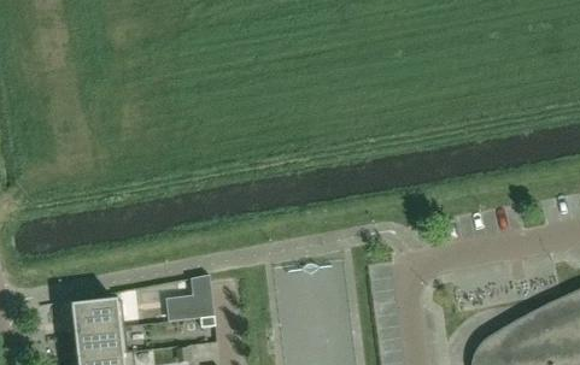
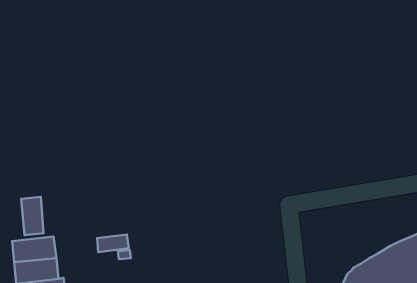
building: none -> [21,197,43,235]

